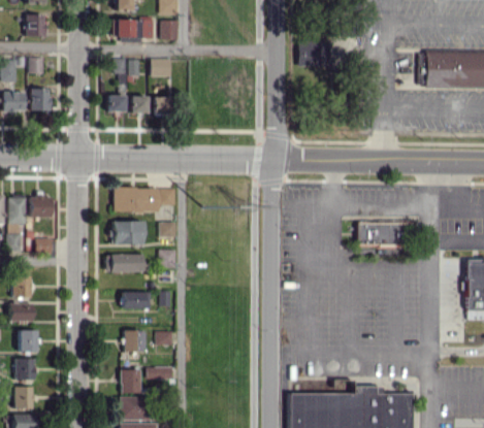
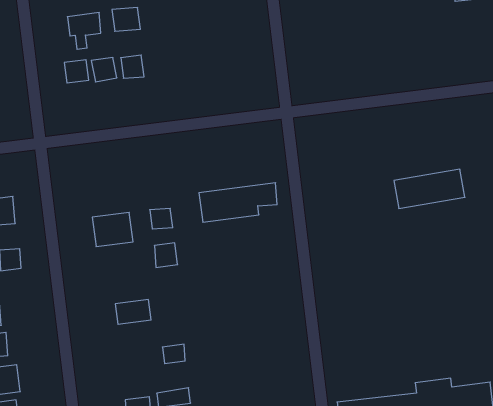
building: [114,188,175,211] -> [199,183,277,222]
building: [105,254,141,271] -> none
building: [124,330,143,352] -> none

